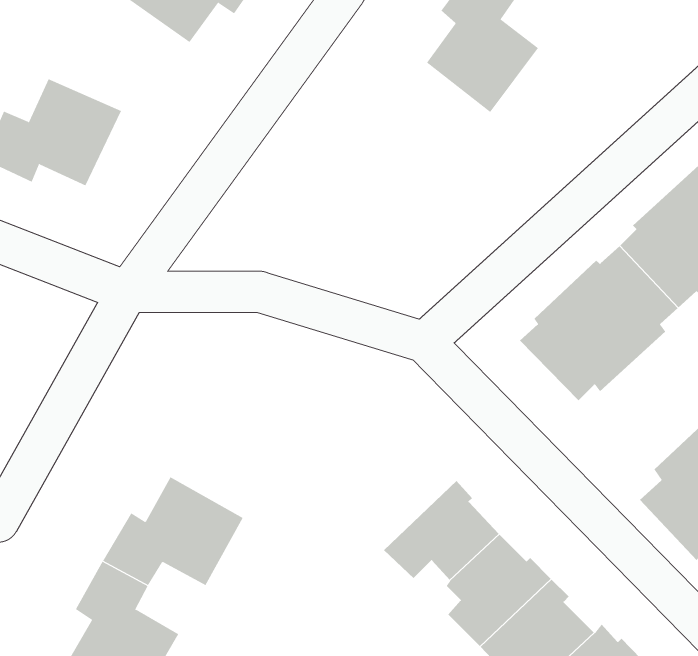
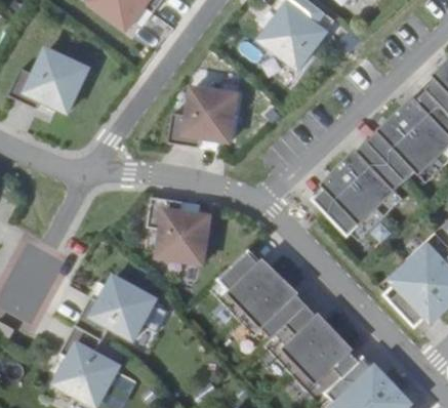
building: none -> [168,87,237,147]
building: none -> [147,196,209,261]
building: none -> [218,252,279,318]

